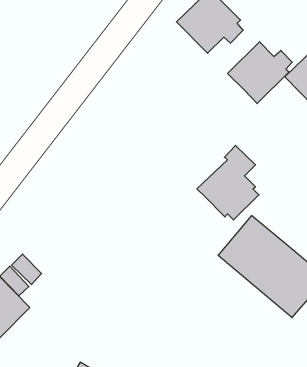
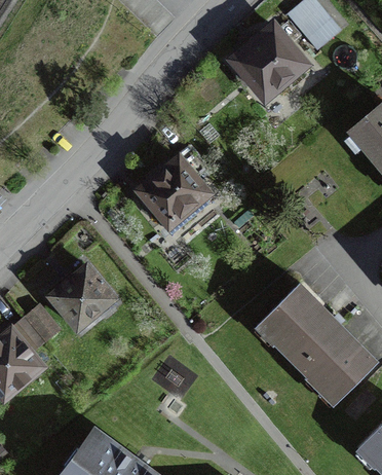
building: [228,42,292,104] -> none
building: [197,145,259,220] -> [140,146,208,229]
building: none -> [49,267,112,329]

